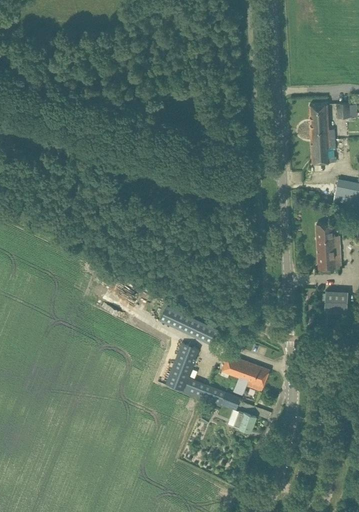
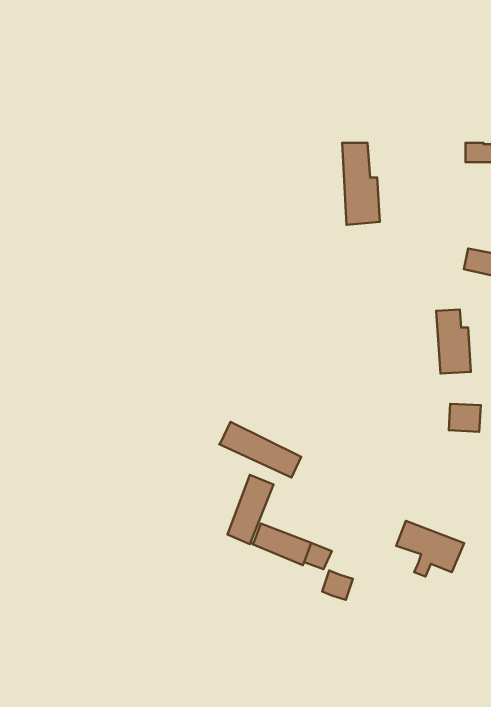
building: [309,105,336,164] -> [342,143,380,225]
building: [221,355,270,395] -> [396,521,464,576]

